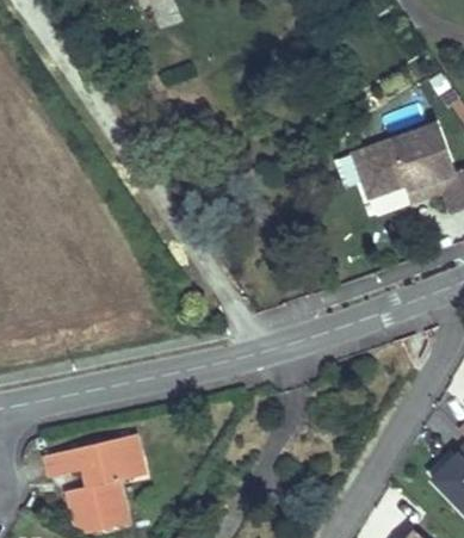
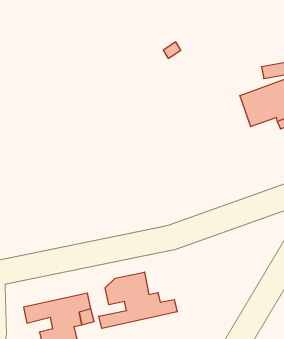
building: none -> [99,272,177,328]

